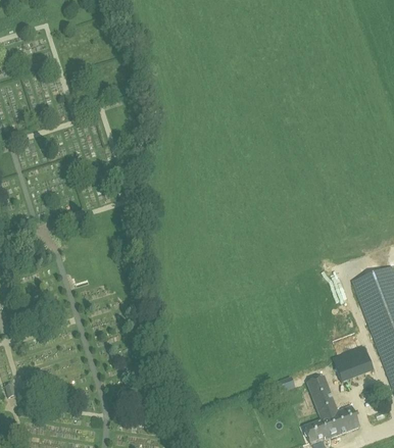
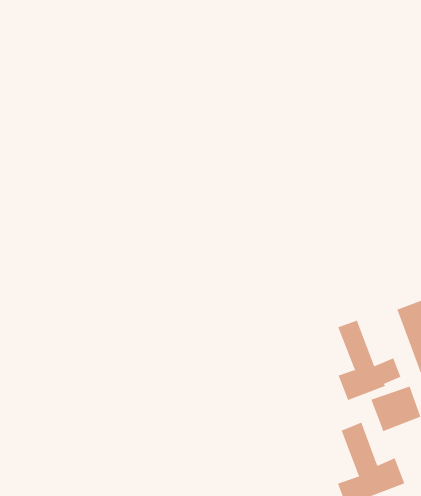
building: none -> [337,320,401,401]

